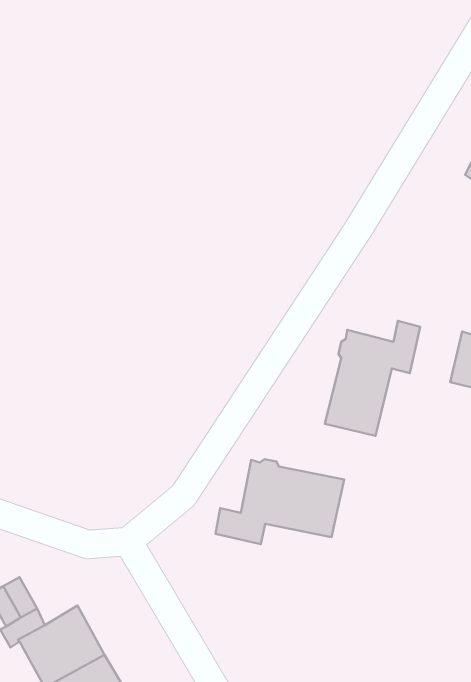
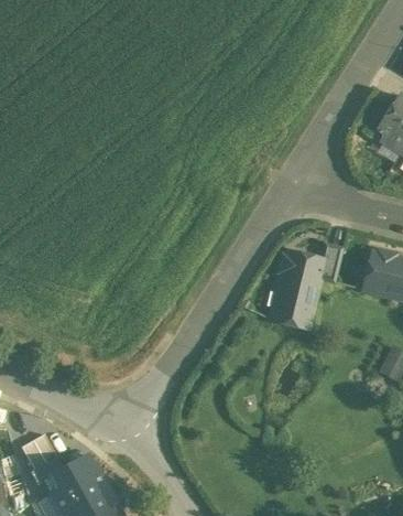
building: [215,459,344,544] -> none

